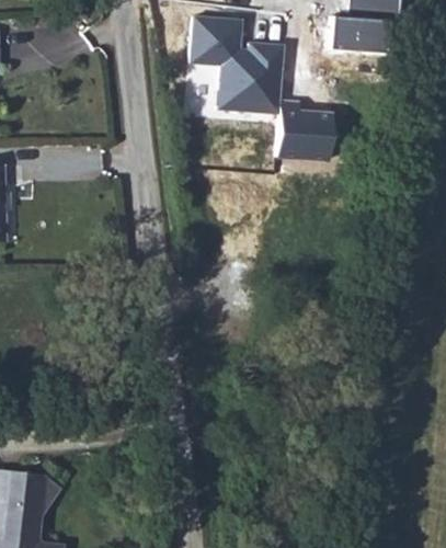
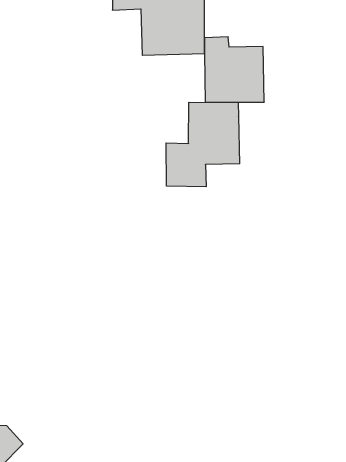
building: none -> [166,102,240,187]

